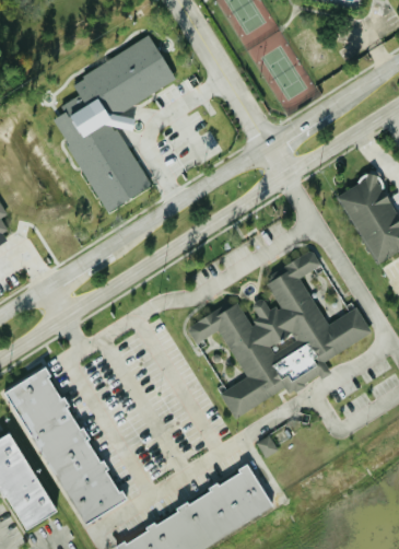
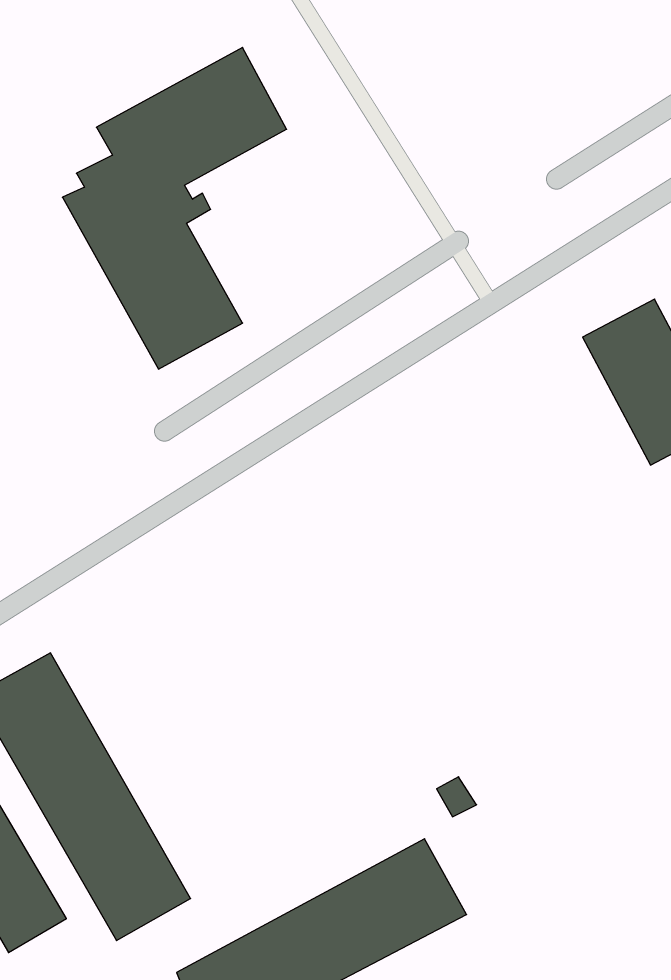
building: [186,250,372,417] -> none

